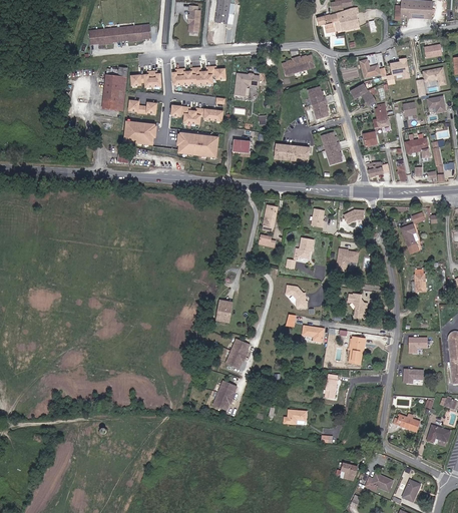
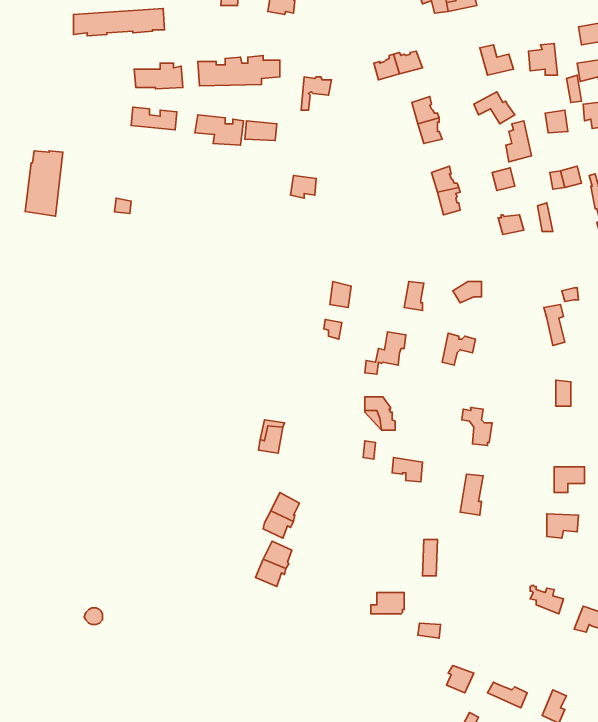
building: [103,68,128,111] -> [25,151,63,216]
building: [124,116,158,140] -> none
building: [176,128,219,153] -> none
building: [279,146,315,164] -> none

